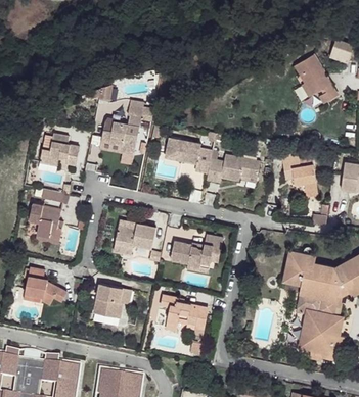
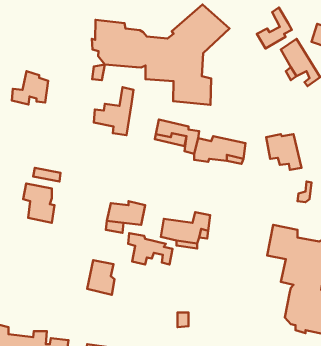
building: none -> [92,5,230,105]
building: none -> [257,7,292,49]
building: [41,133,79,167] -> [12,71,48,105]
building: [27,269,68,306] -> none
building: [167,296,213,329] -> [128,233,173,265]

